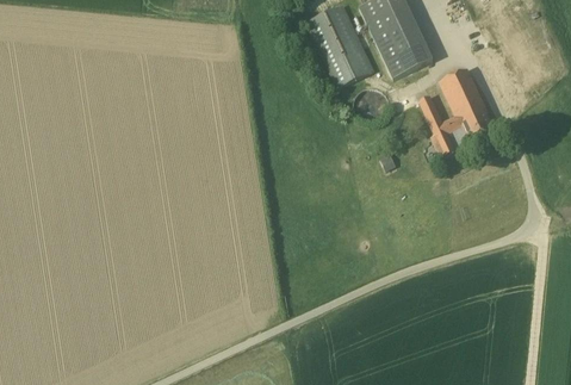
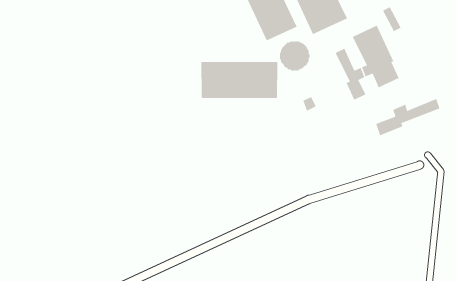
building: none -> [201,61,278,99]
building: none -> [376,98,440,136]

